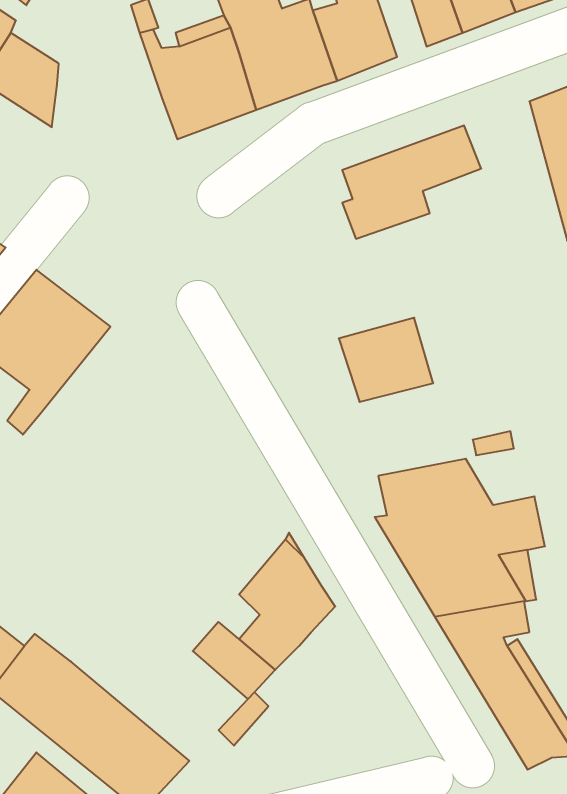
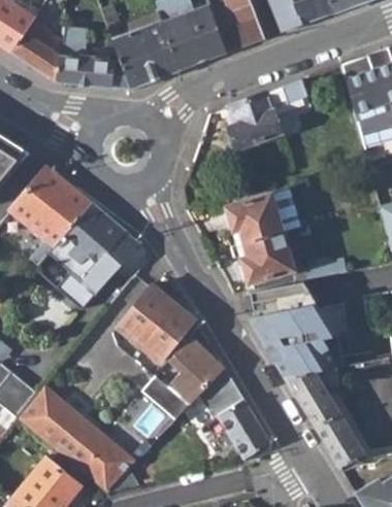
building: none -> [55,55,130,88]
building: none -> [47,200,138,310]
building: none -> [239,234,293,281]
building: none -> [120,284,194,362]
building: none -> [203,368,269,458]

